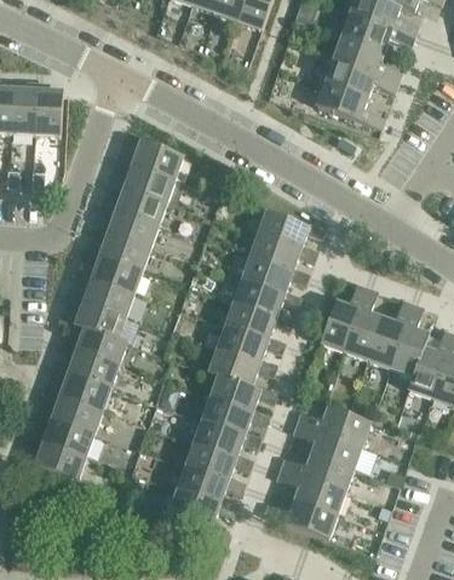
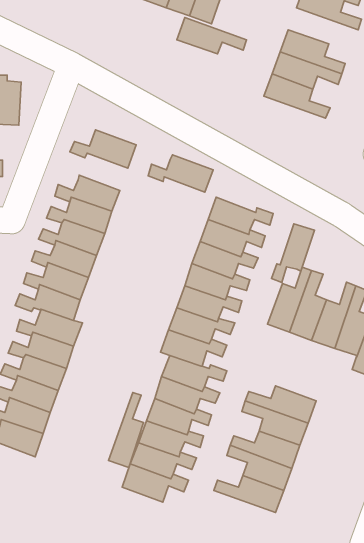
building: [341,12,414,50] -> [177,18,247,54]
building: [107,163,174,202] -> [148,155,213,192]
building: none -> [272,224,315,282]
building: none -> [109,392,144,468]

